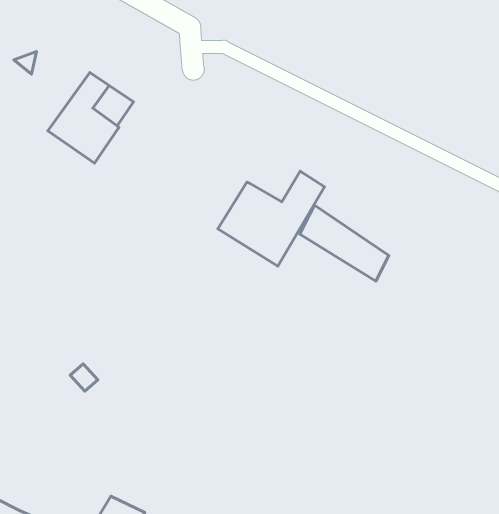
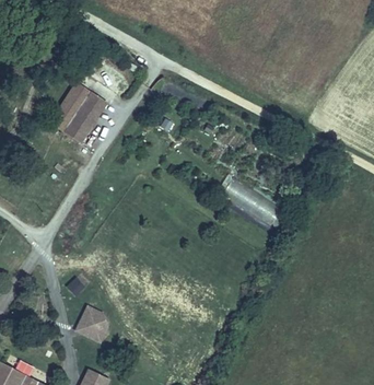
building: [218,171,325,266] -> none
building: none -> [73,306,107,345]

